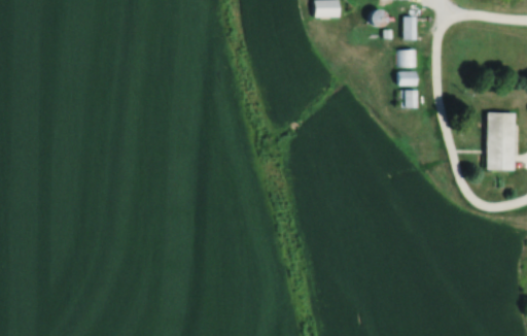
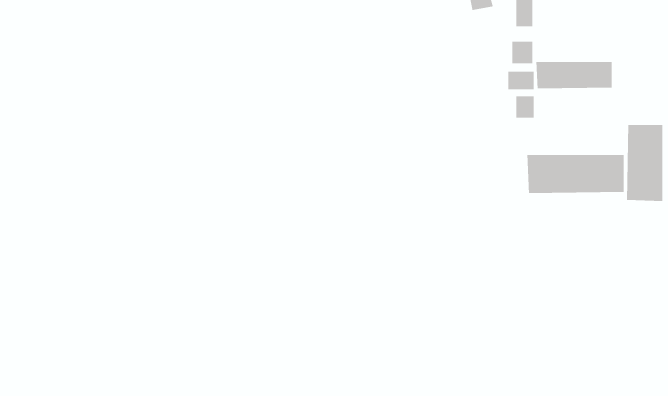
building: none -> [535,61,613,89]
building: none -> [526,154,625,194]

